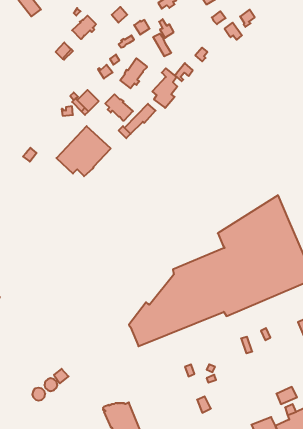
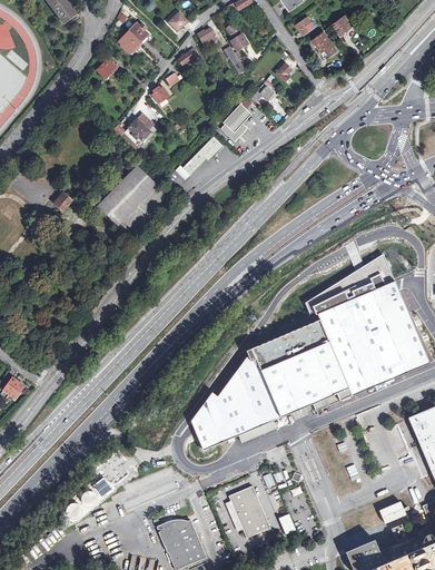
building: [120,58,147,88] -> none
building: [105,94,133,121] -> none
building: none -> [228,487,269,538]

